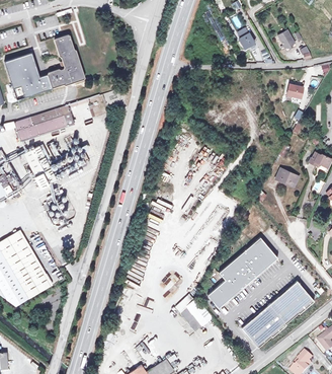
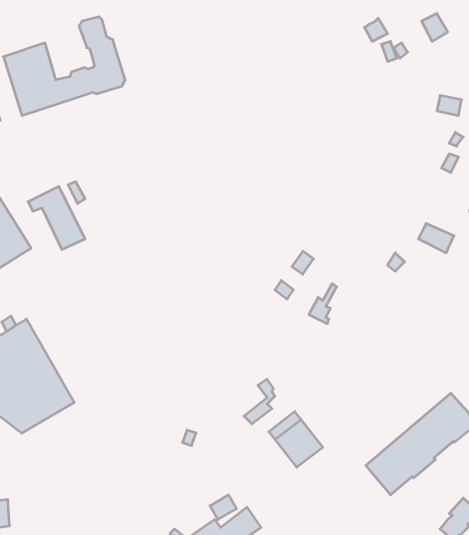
building: [14,102,73,139] -> none
building: [206,236,277,307] -> none

